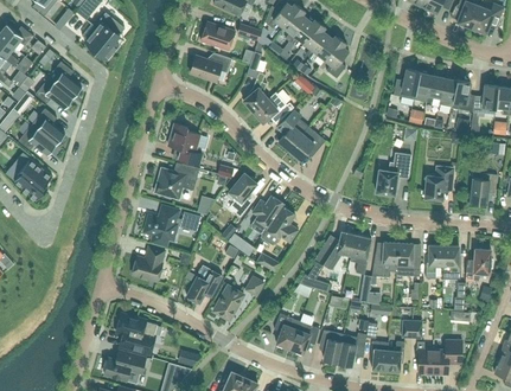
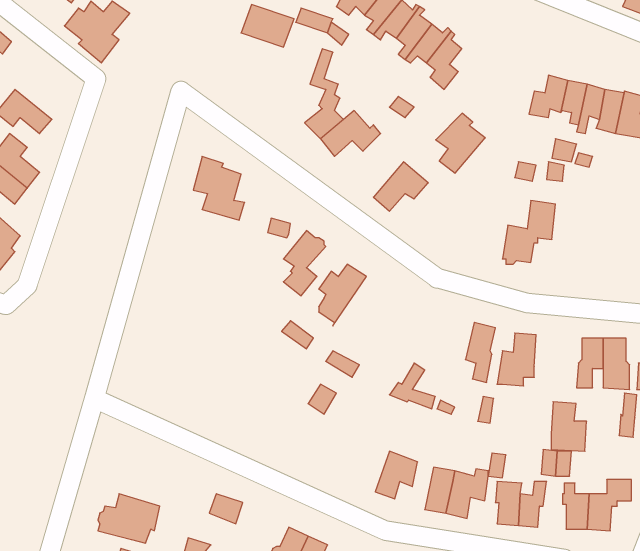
building: [189,53,231,82] -> none
building: [47,60,81,98] -> none
building: [275,110,308,150] -> [436,113,485,173]
building: [157,165,198,199] -> none
building: [422,167,453,199] -> none
building: [261,204,298,244] -> none
building: [142,205,200,245] -> none
building: [322,231,356,269] -> none
building: [396,243,420,276] -> [551,402,587,451]
building: [132,246,165,282] -> none
building: [186,265,222,303] -> none
building: [212,286,243,320] -> none
building: [273,314,299,348] -> none
building: [115,315,157,354] -> none

